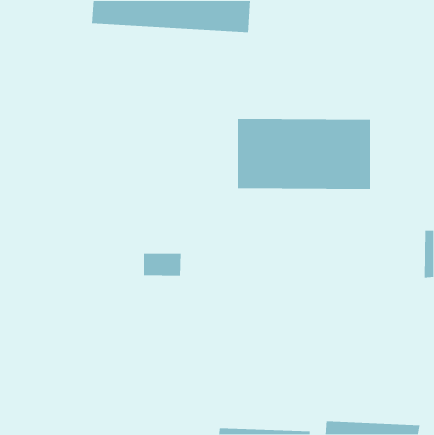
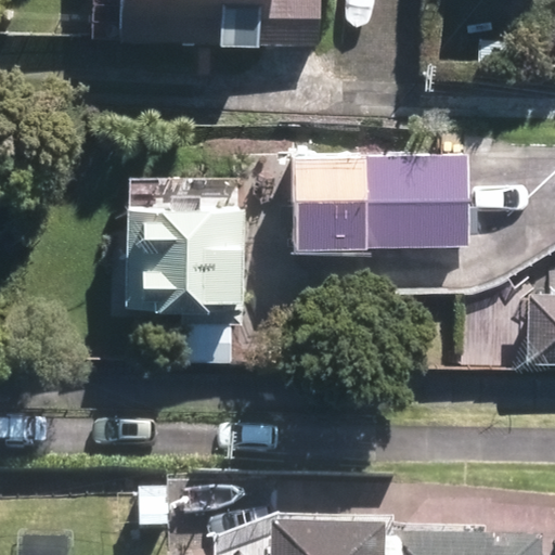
building: none -> [122,205,232,309]

